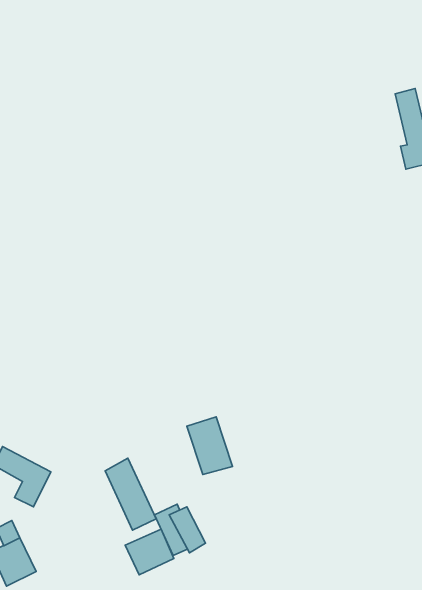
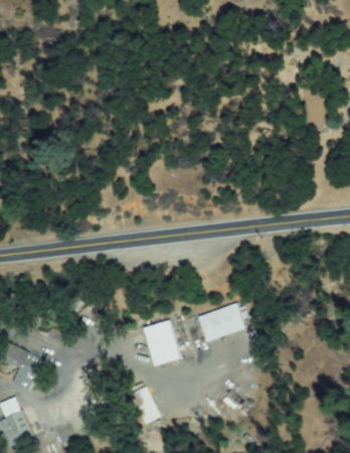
building: none -> [198,303,243,340]
building: [105,458,156,530] -> none
building: [125,529,174,575] -> none

